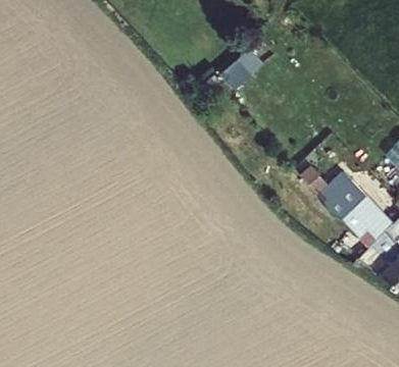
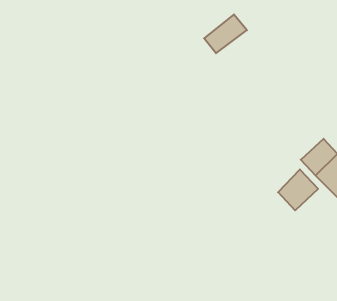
building: none -> [278,169,318,210]

